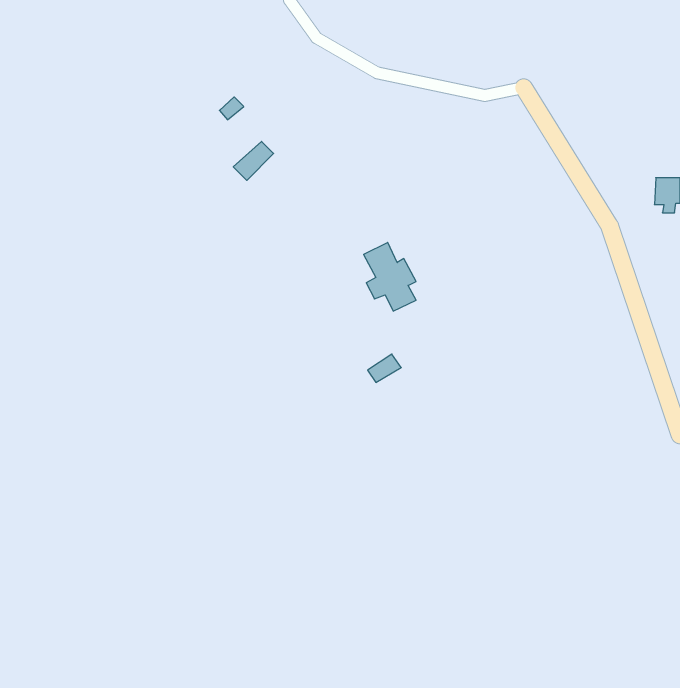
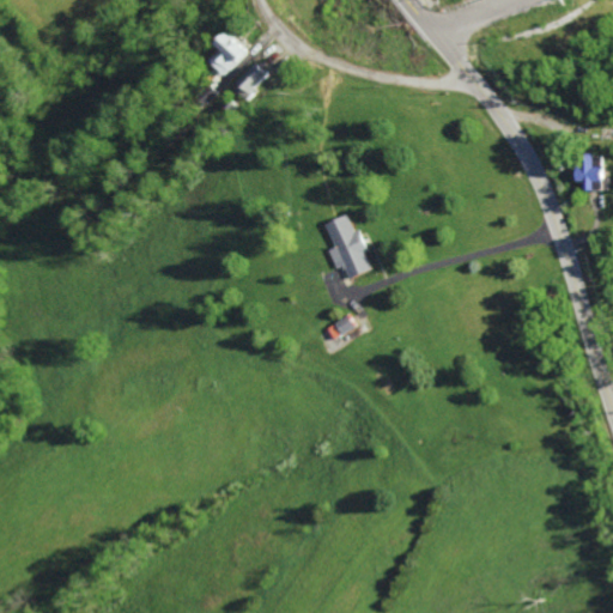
building: none -> [206,31,245,77]
building: [233,141,274,180] -> [232,65,268,99]

